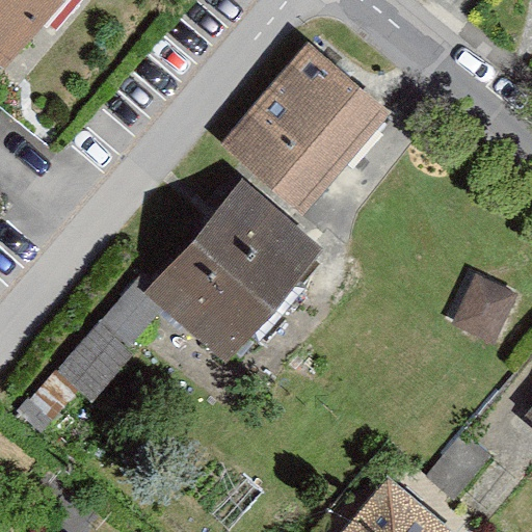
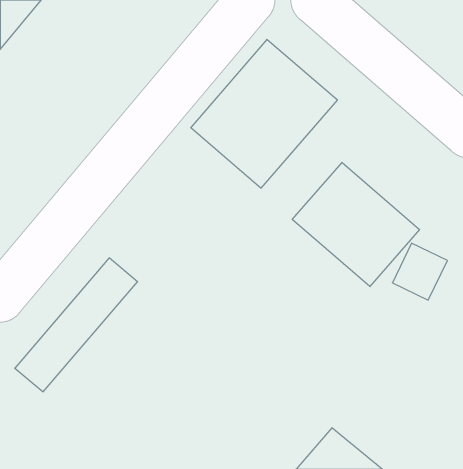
building: none -> [292,162,420,287]
building: [148,185,318,358] -> none

